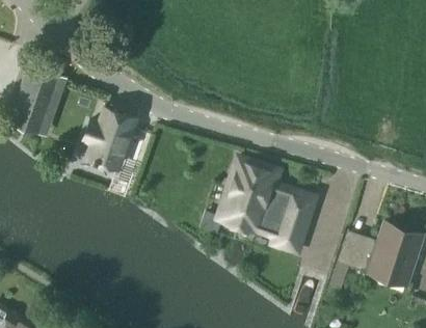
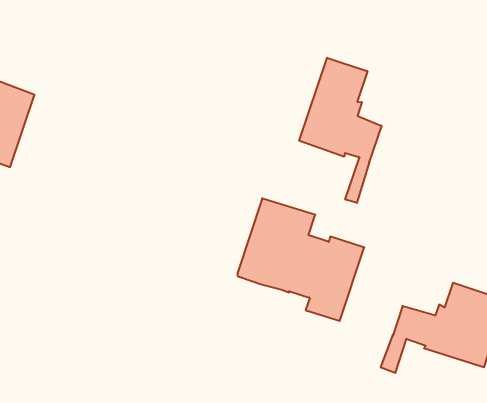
building: none -> [299,58,382,203]
building: [86,108,136,167] -> none

